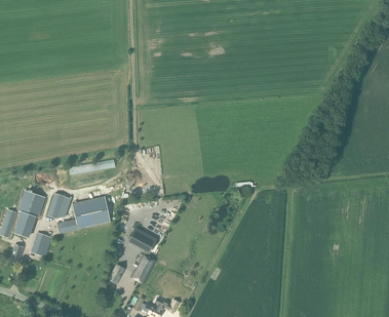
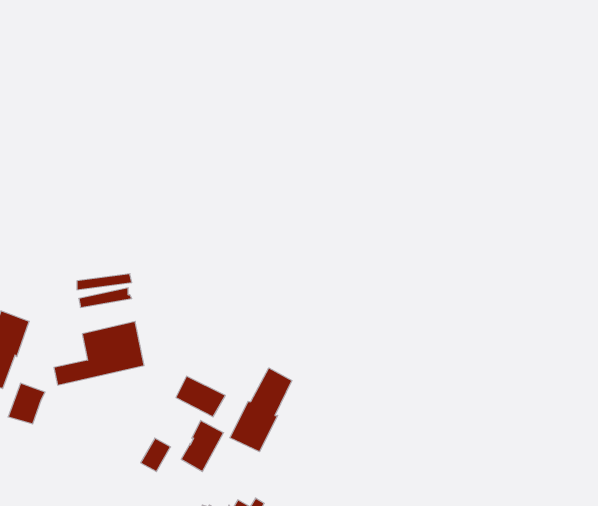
building: [47,193,72,219] -> none
building: none -> [230,368,292,452]

